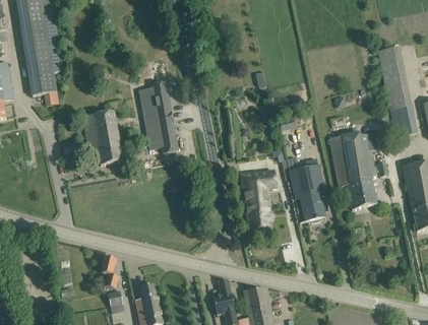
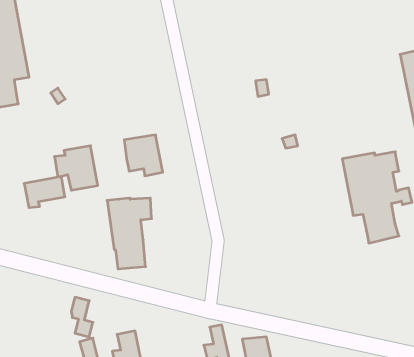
building: [139,84,172,122] -> none
building: [82,110,117,136] -> [24,176,65,208]
building: [286,156,328,222] -> none
building: [240,171,278,231] -> [107,198,152,269]

